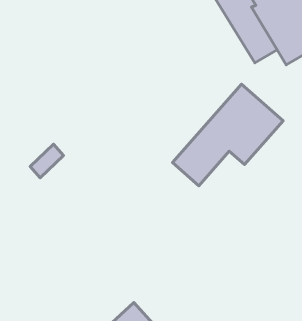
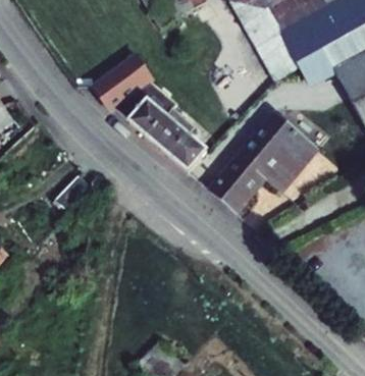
building: none -> [91,61,201,176]

